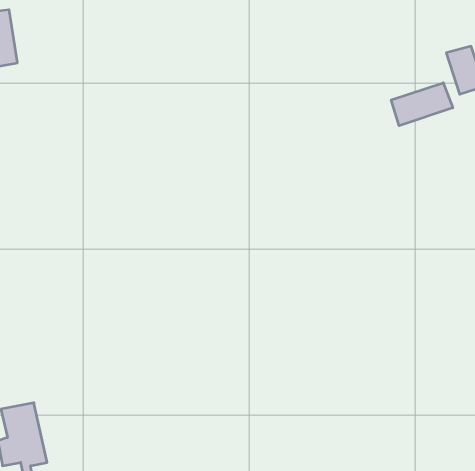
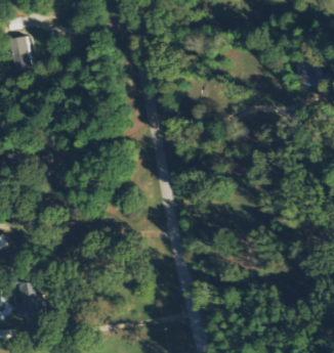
building: [391,83,453,126] -> none

